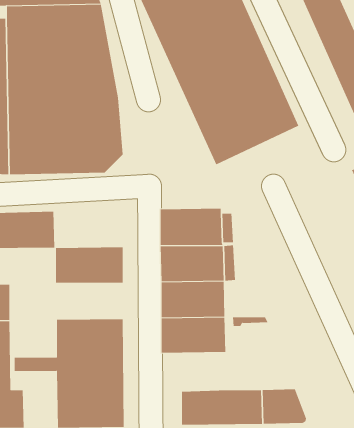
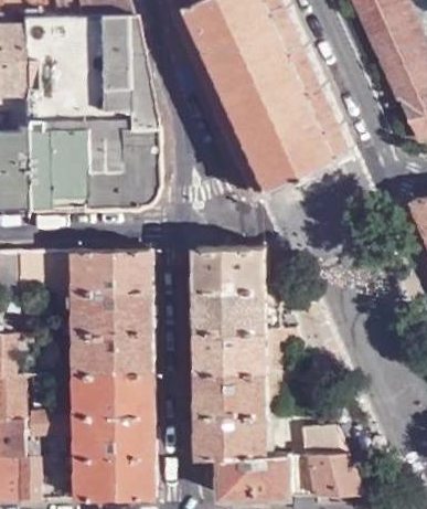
building: none -> [72,250,151,293]
building: none -> [73,333,151,375]
building: none -> [194,413,271,458]
building: none -> [303,425,349,456]

